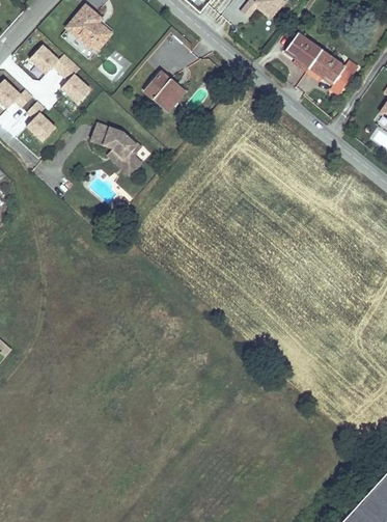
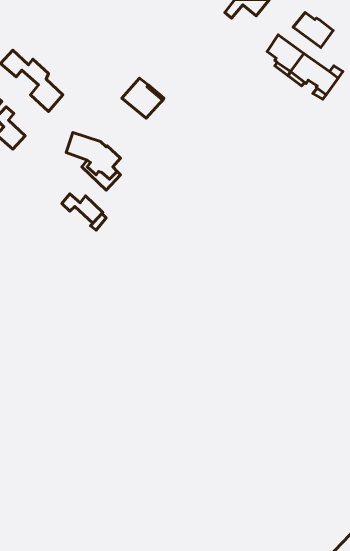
building: [68,7,110,51] -> none
building: none -> [293,12,333,48]
building: none -> [62,194,103,223]

